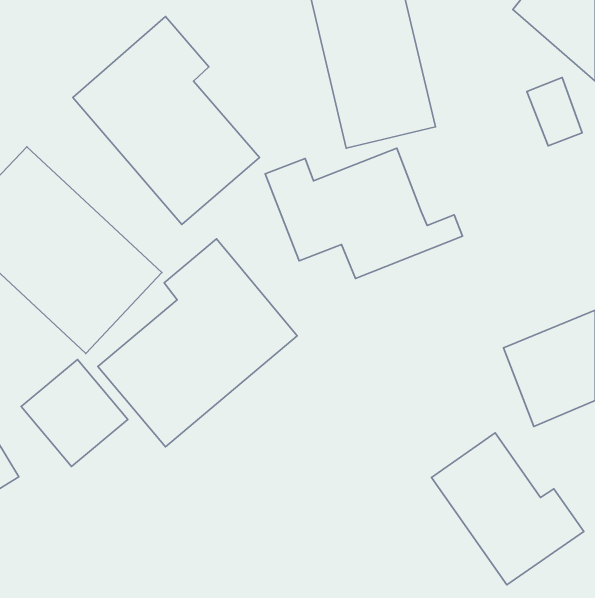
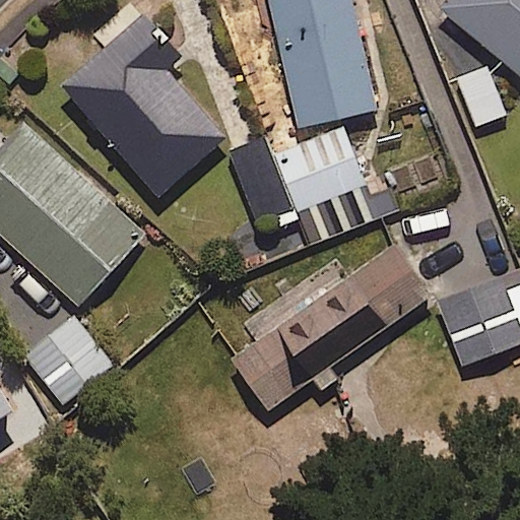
building: [98,239,297,447] -> none
building: none -> [234,243,434,409]
building: [432,433,584,585] -> none

